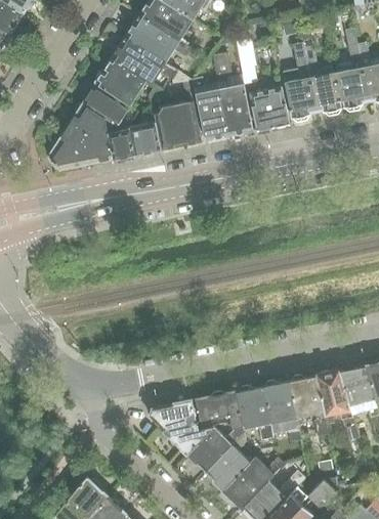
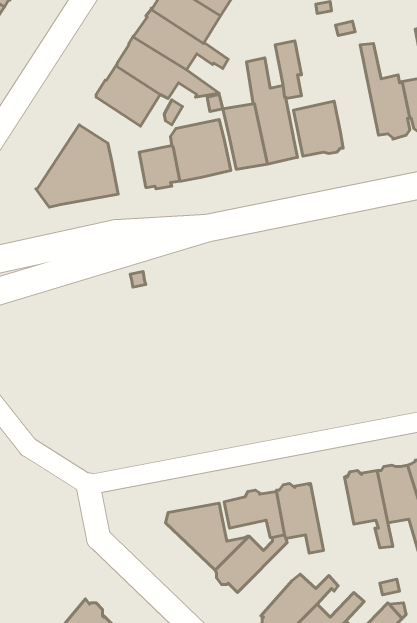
building: [283,43,317,123] -> none
building: [82,84,138,126] -> none
building: [108,127,134,160] -> none
building: [263,381,301,443] -> none
building: [206,432,249,489] -> none

